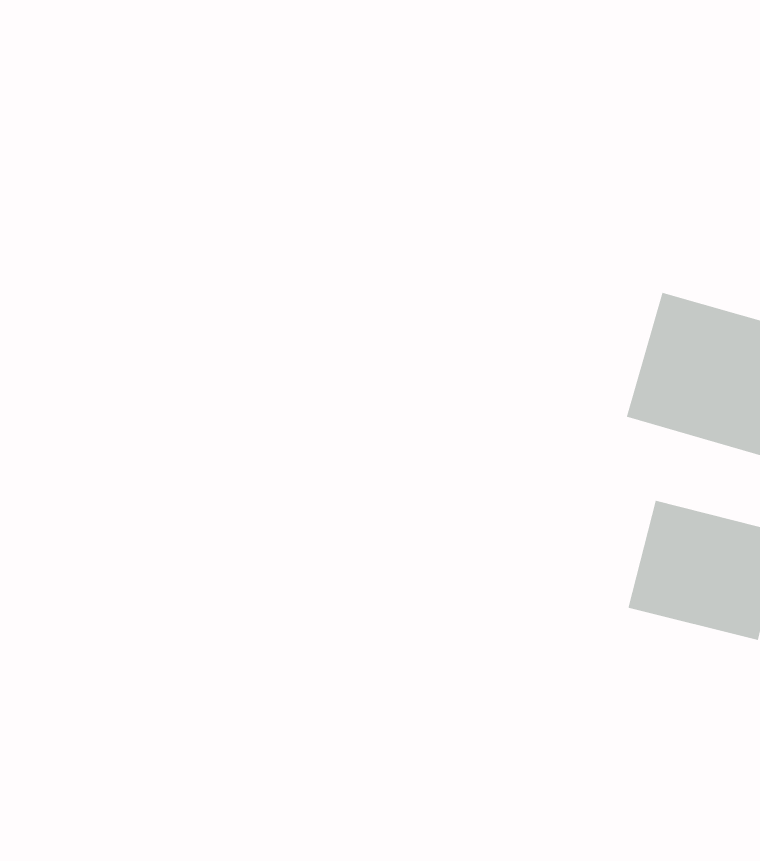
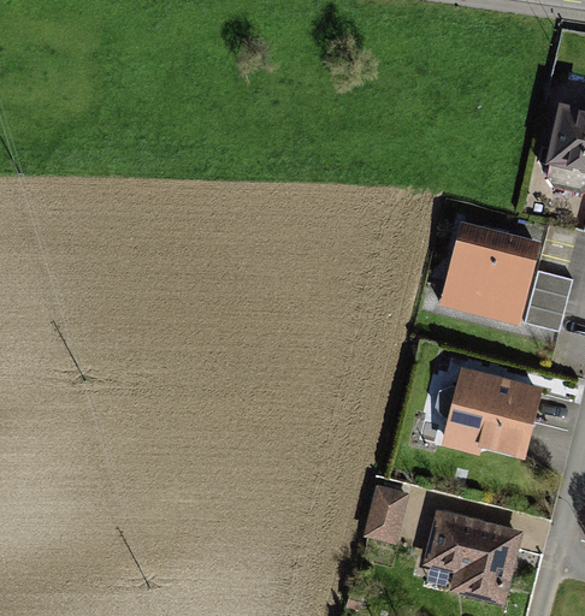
building: none -> [362,488,408,546]
building: none -> [421,509,521,608]

